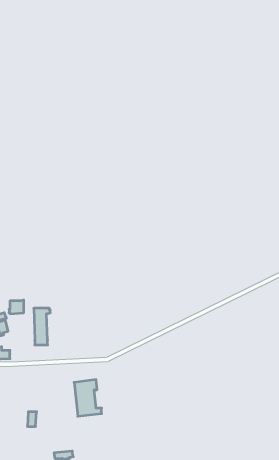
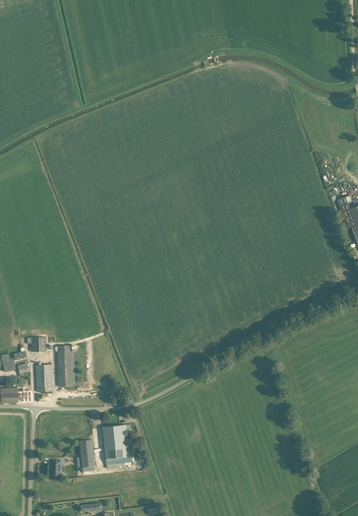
building: none -> [36,364,53,392]
building: none -> [77,439,95,468]

